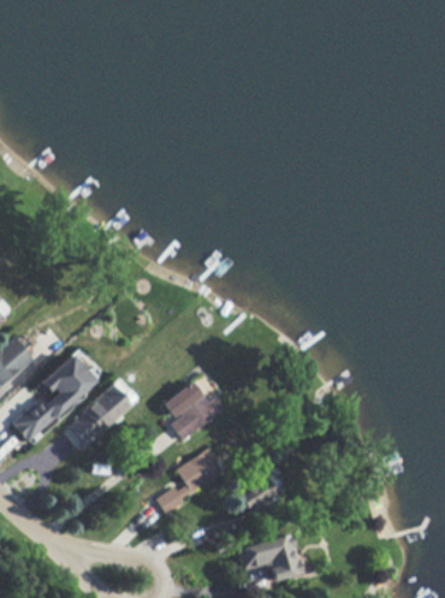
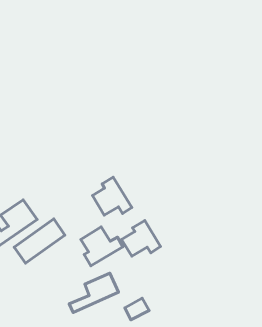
building: none -> [92,177,132,215]
building: none -> [122,220,161,256]

